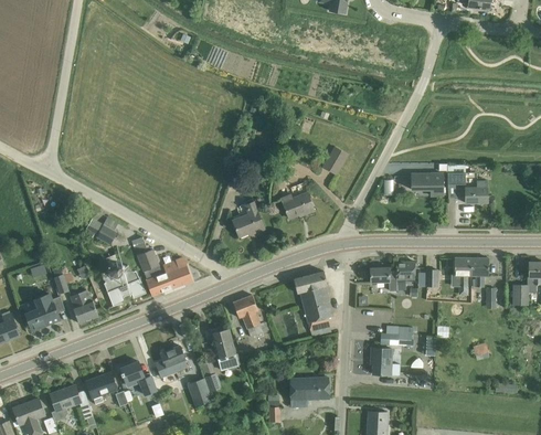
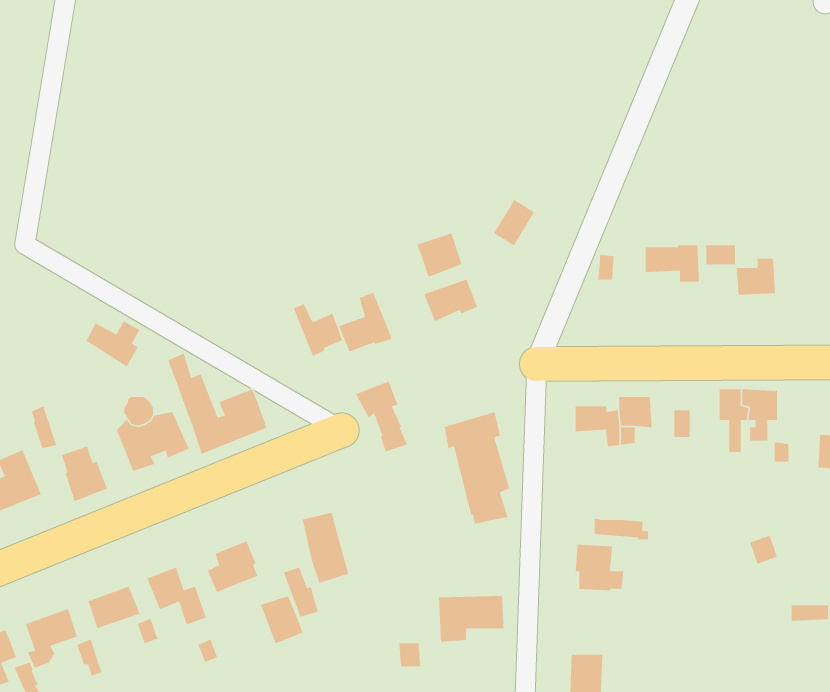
building: none -> [416,232,462,278]
building: none -> [293,303,343,357]
building: [232,295,263,337] -> [355,380,408,452]

